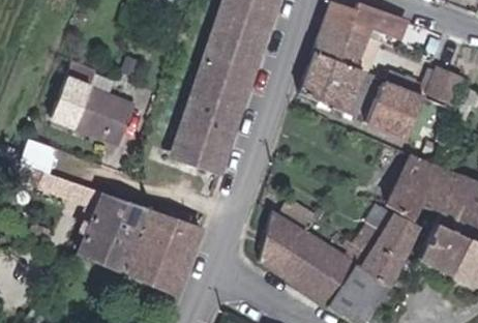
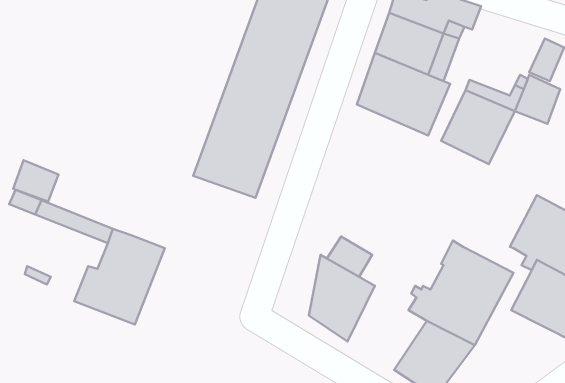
building: [53,63,137,146] -> none
building: [383,151,442,224] -> none
building: [121,208,200,291] -> none
building: [291,238,354,305] -> none

